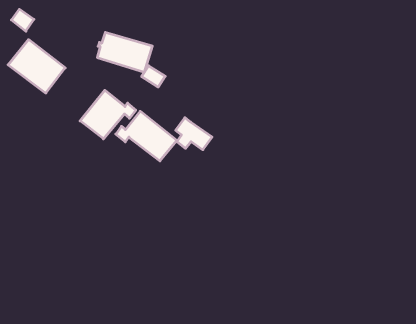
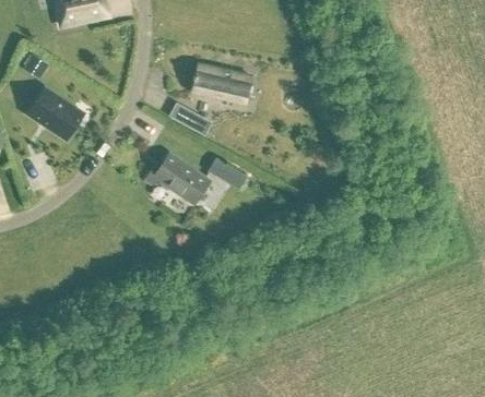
building: [97,32,152,72] -> [192,65,250,105]
building: [80,90,136,139] -> none

